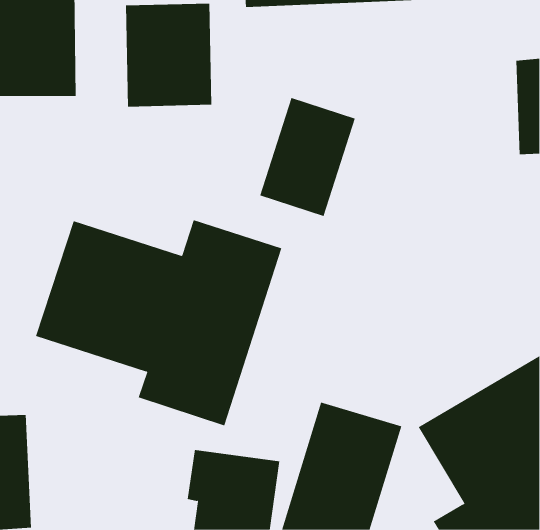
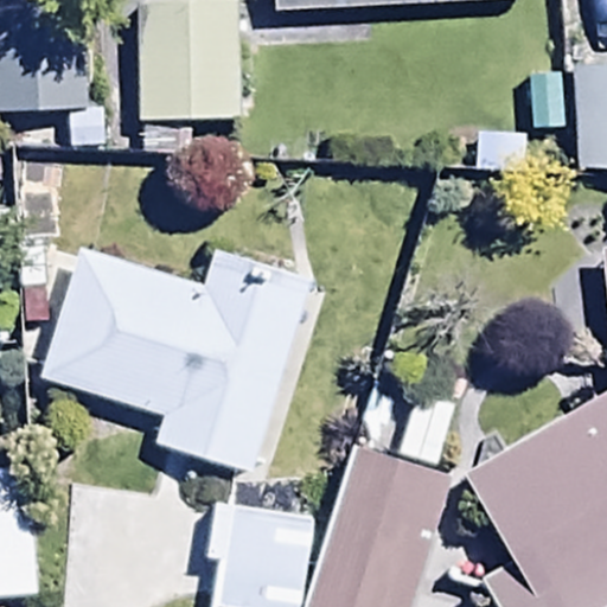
building: [259,97,356,217] -> none

